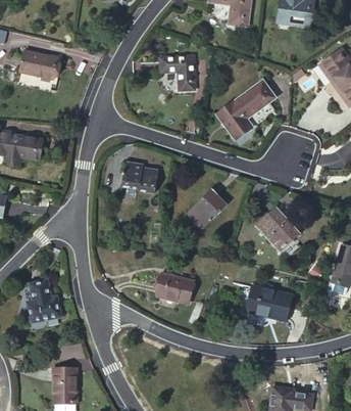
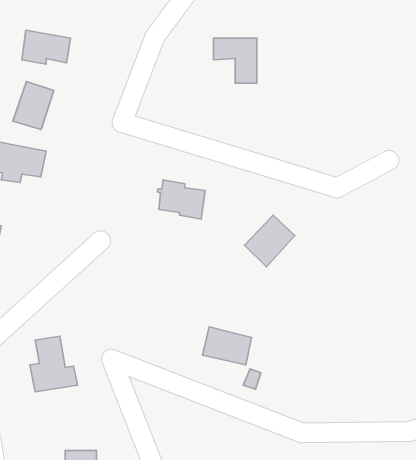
building: [216,80,275,139] -> none
building: none -> [13,81,54,130]
building: [255,205,300,252] -> none
building: [246,284,293,319] -> none

